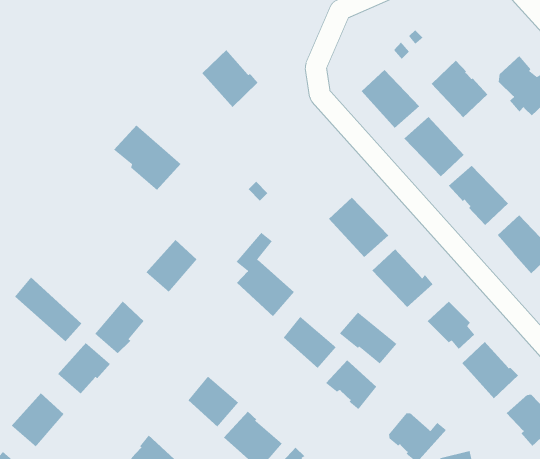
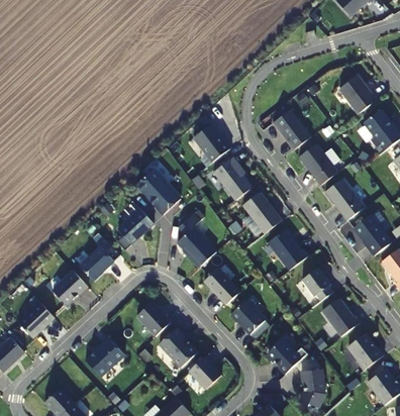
building: [201,49,259,108] -> [193,123,230,163]
building: [431,60,488,118] -> [338,75,376,114]
building: [113,125,181,191] -> [135,169,180,214]
building: none -> [212,157,253,200]
building: [14,276,82,342] -> none
building: [339,312,397,364] -> none

